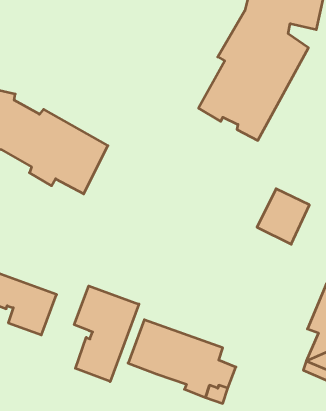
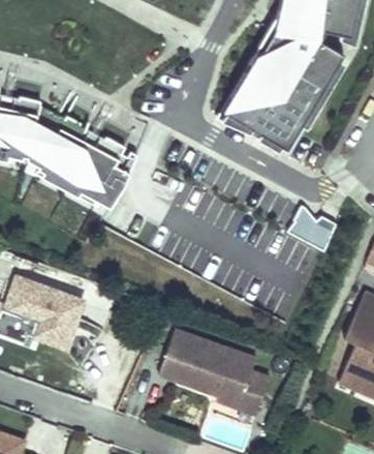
building: [74,286,139,382] -> none

